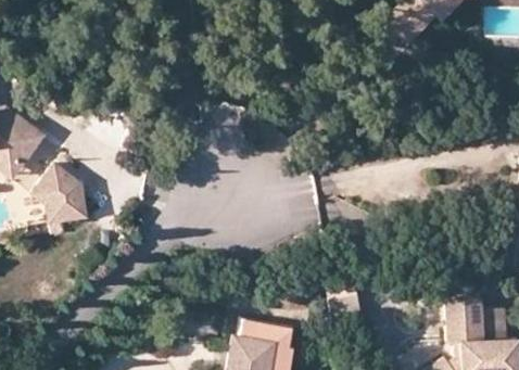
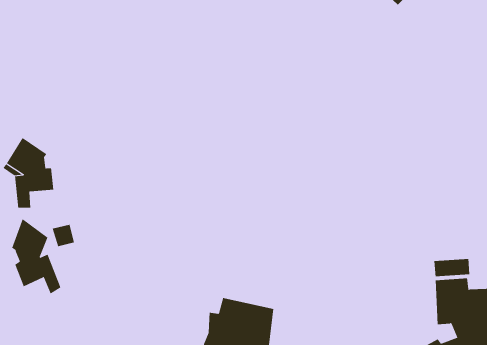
building: none -> [11,218,61,295]

